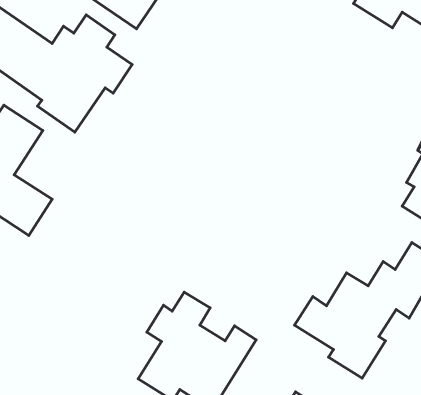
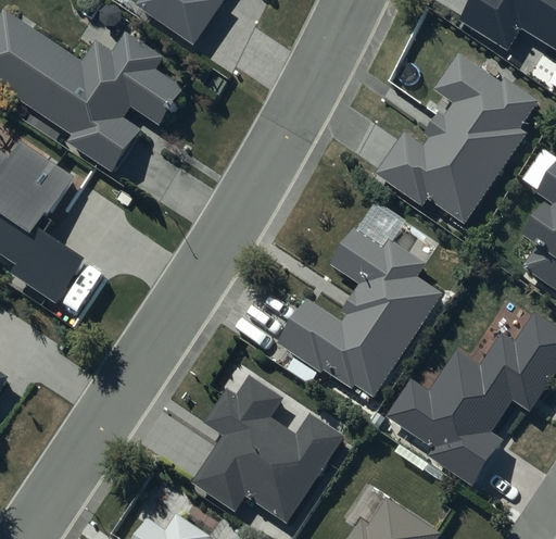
building: none -> [378,53,538,223]
building: none -> [278,226,441,403]

